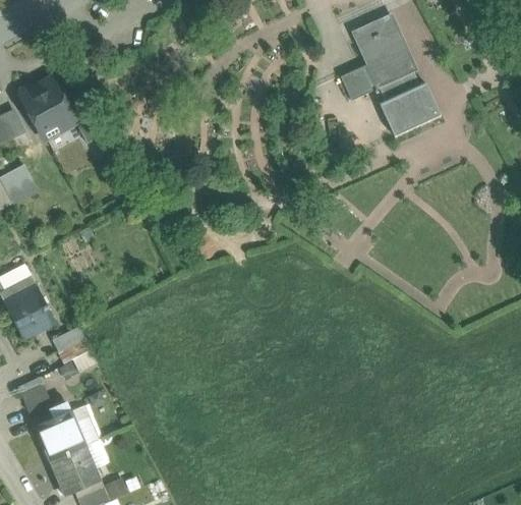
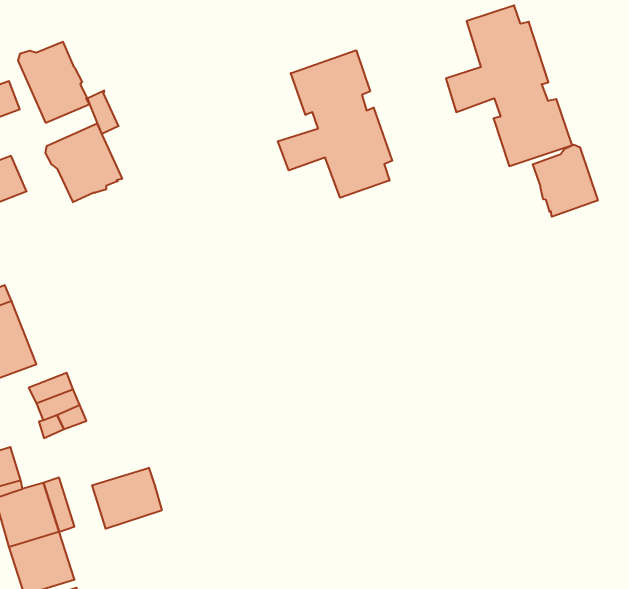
building: none -> [278,50,392,198]
building: none -> [533,145,598,217]
building: none -> [45,124,122,202]
building: none -> [92,468,162,529]

